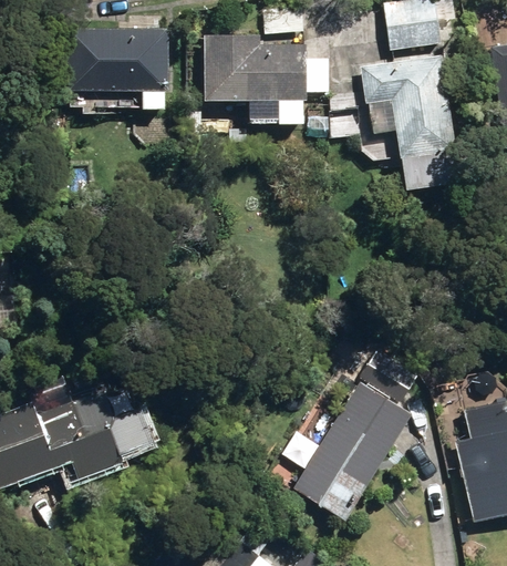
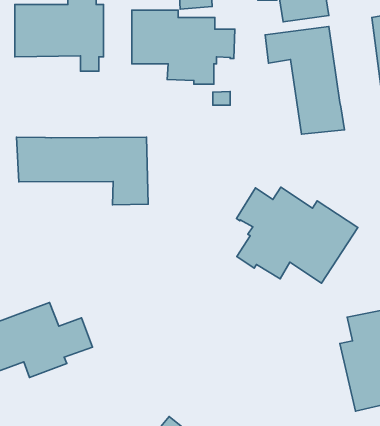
building: none -> [16,137,148,205]
building: none -> [237,187,358,283]
building: [290,381,412,523] -> none

